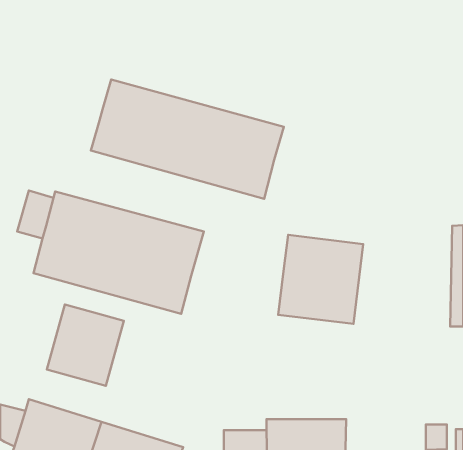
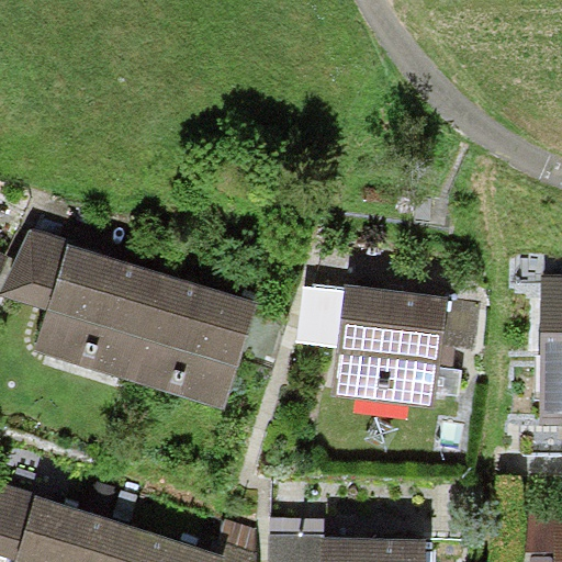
building: [91,80,284,199] -> none
building: [47,305,124,386] -> none

